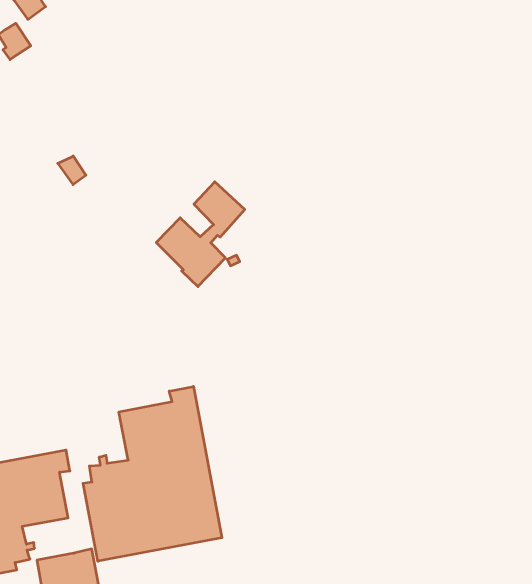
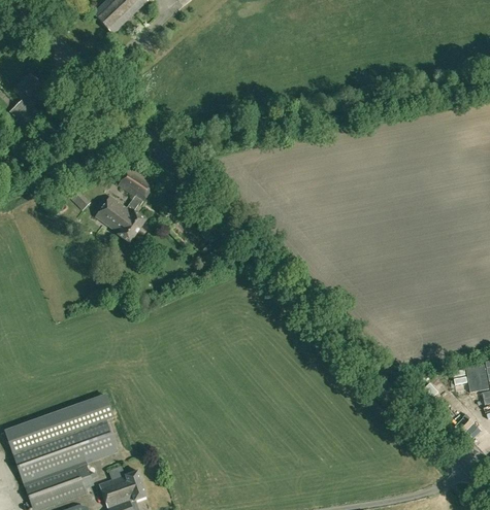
building: [156,182,245,287] -> [95,166,155,243]
building: [83,386,222,561] -> none

